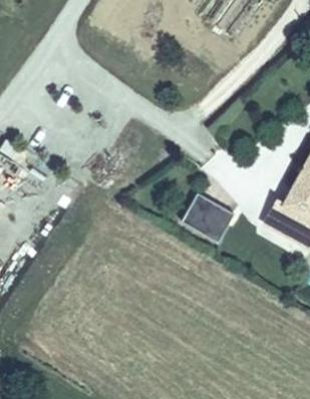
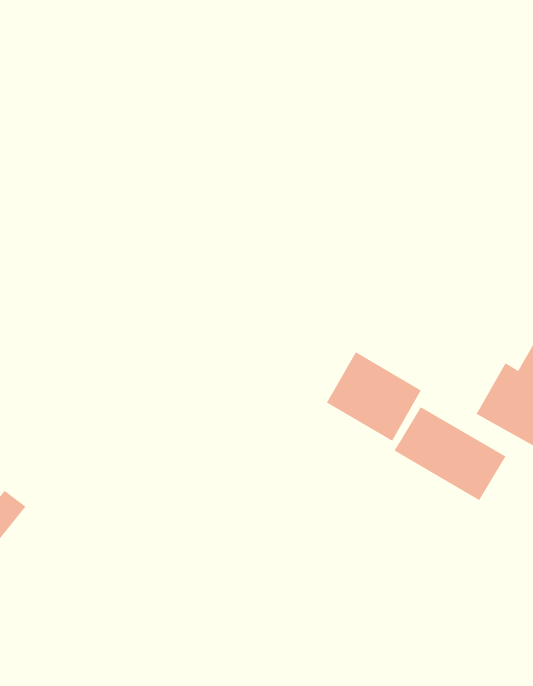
building: none -> [393,406,506,501]

